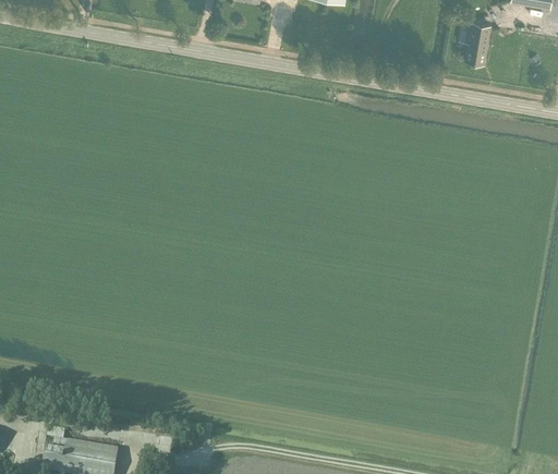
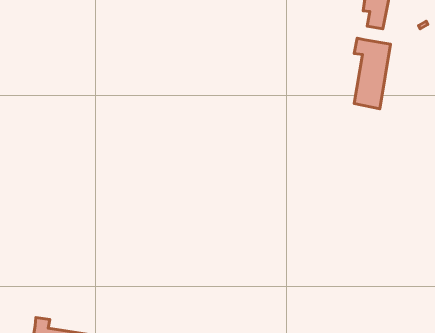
building: none -> [354,38,391,109]

